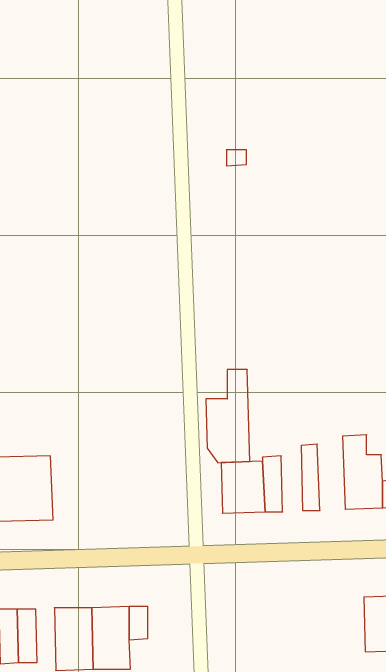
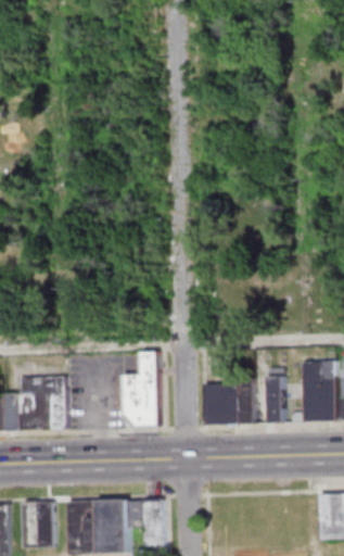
building: [206,370,250,463] -> [124,350,160,426]
building: none -> [144,498,164,544]

